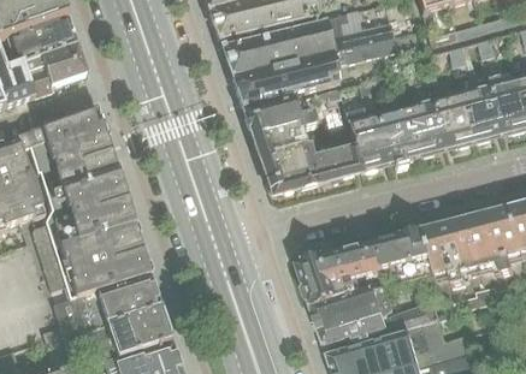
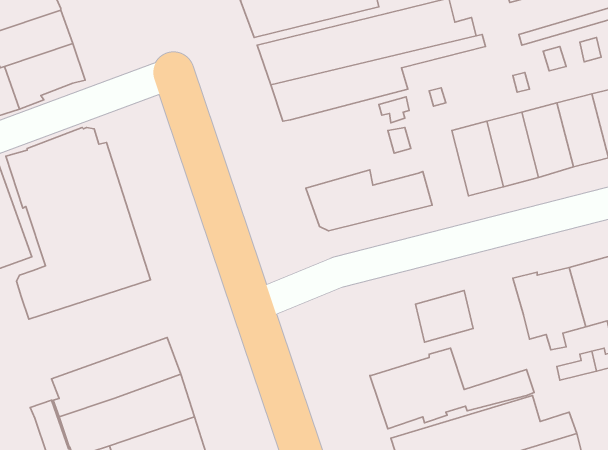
building: [244,96,317,156] -> none
building: [347,111,389,170] -> none
building: [385,227,432,267] -> none
building: [41,228,150,297] -> none
building: [297,248,357,304] -> none

